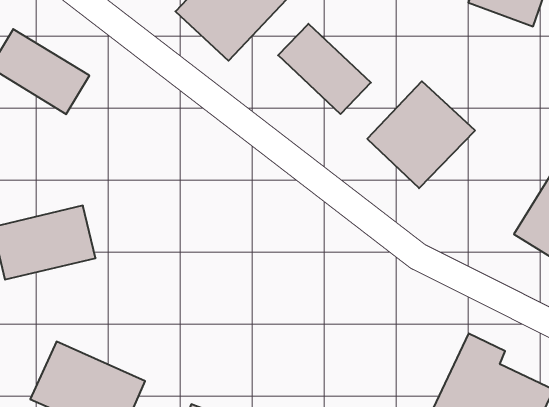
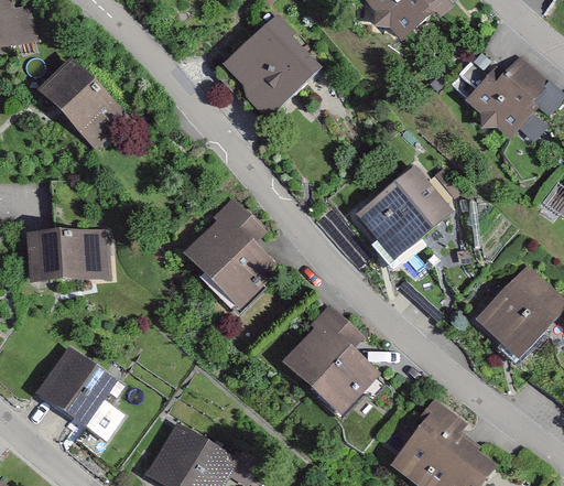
building: [278,24,371,114] -> none
building: none -> [180,195,280,310]
building: none -> [281,302,377,414]

